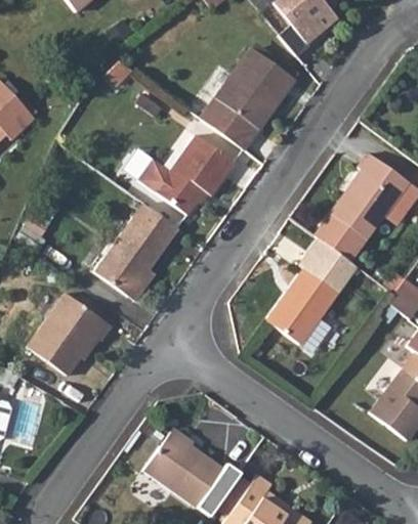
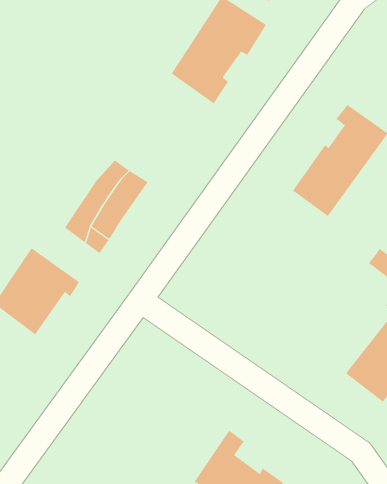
building: [137,133,234,214] -> none
building: [273,247,342,350] -> none
building: [142,432,235,516] -> none

